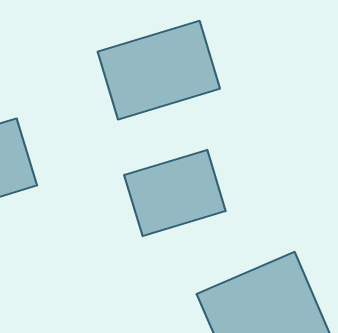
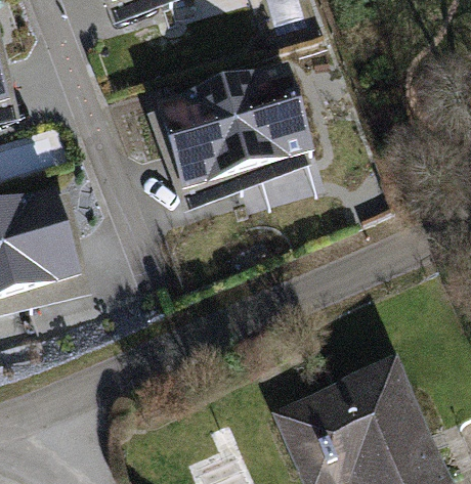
building: [124,150,226,236] -> none

